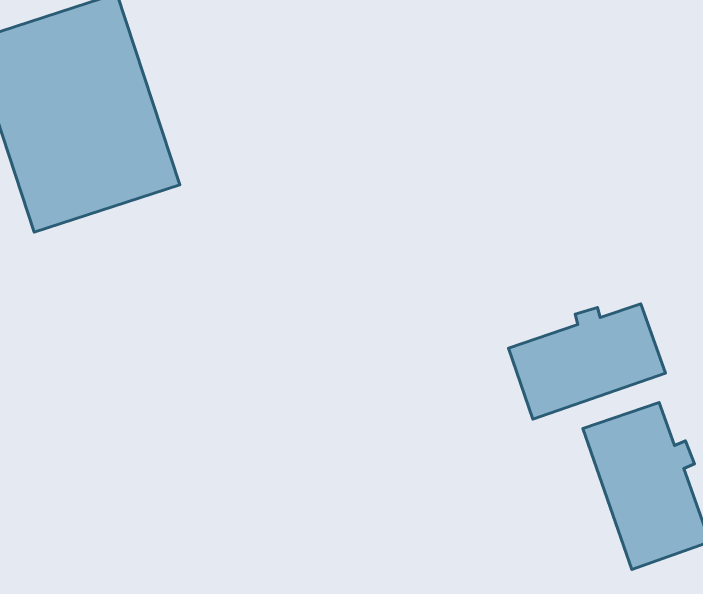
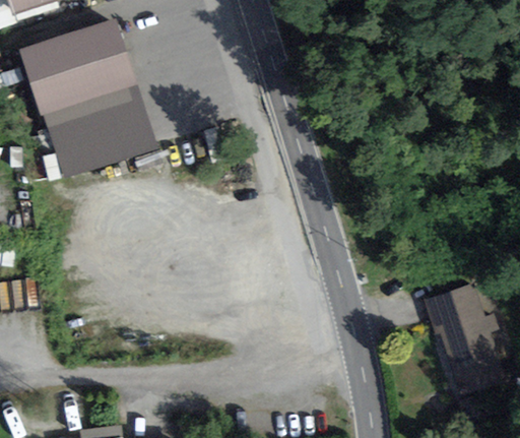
building: [508,304,666,419] -> none

